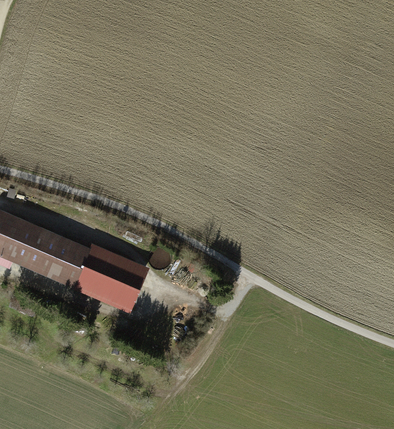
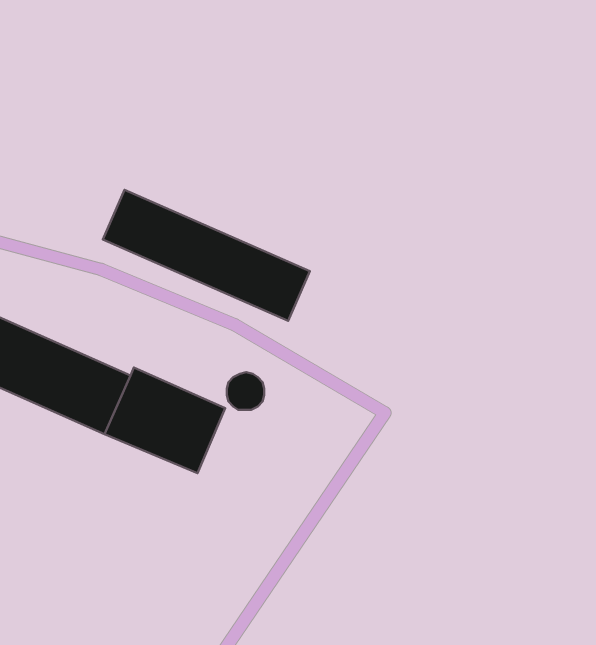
building: none -> [103,190,310,321]

